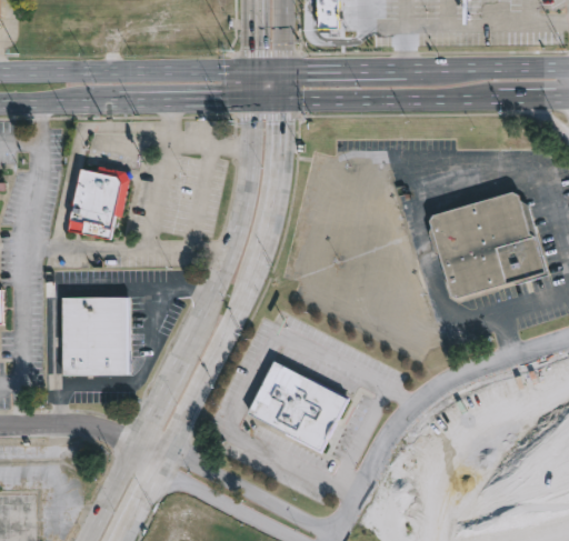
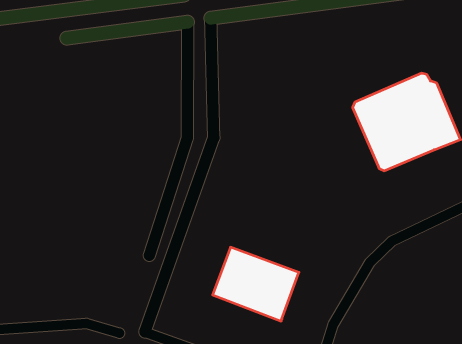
building: [68,166,133,239] -> none
building: [61,298,129,375] -> none

